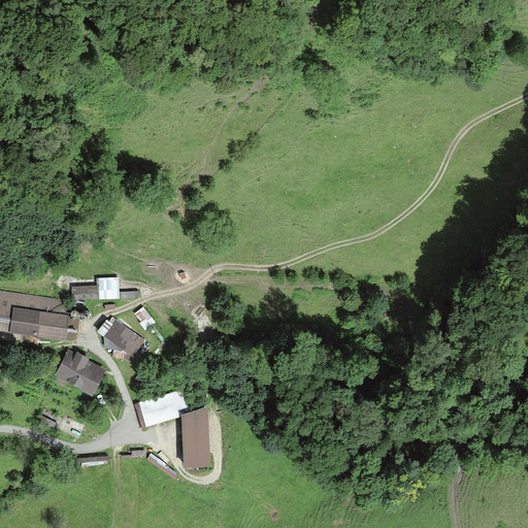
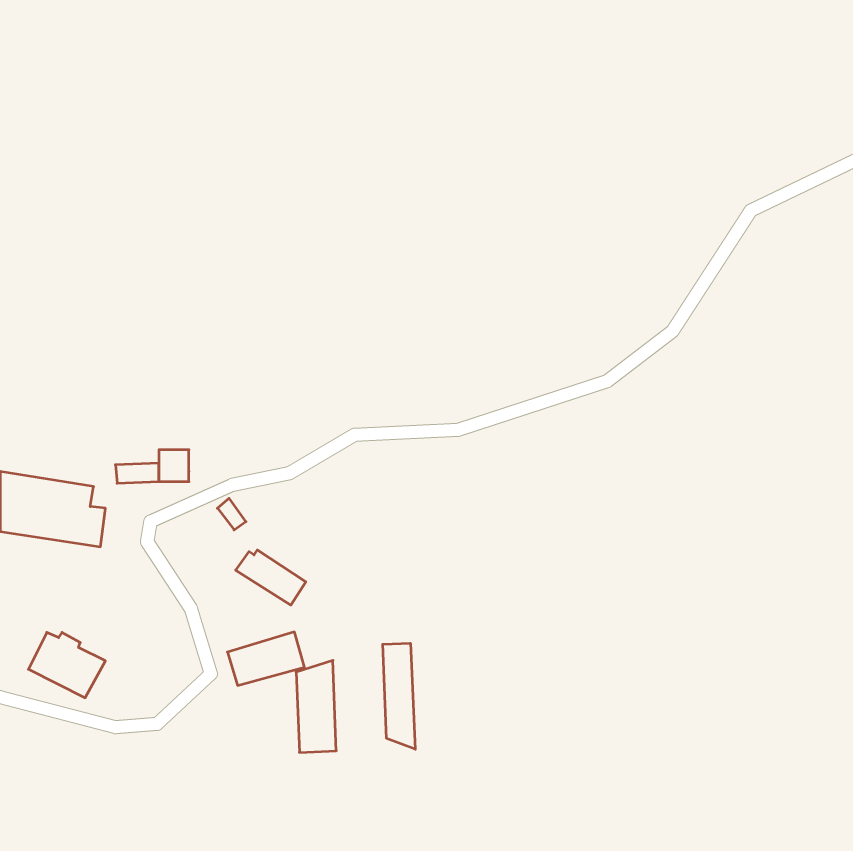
building: [99,321,142,355] -> [236,550,306,605]
building: [56,353,103,393] -> [28,632,105,698]
building: none -> [383,643,415,749]

